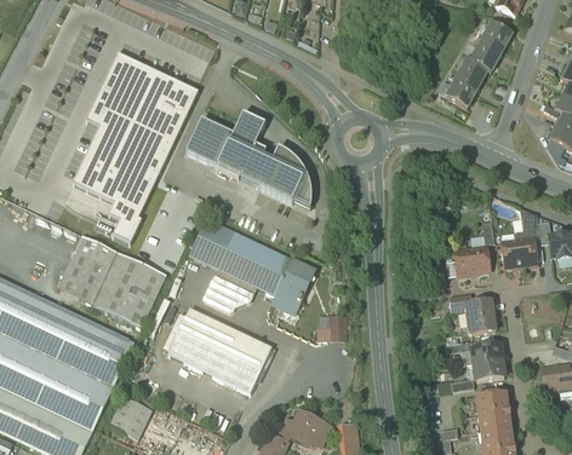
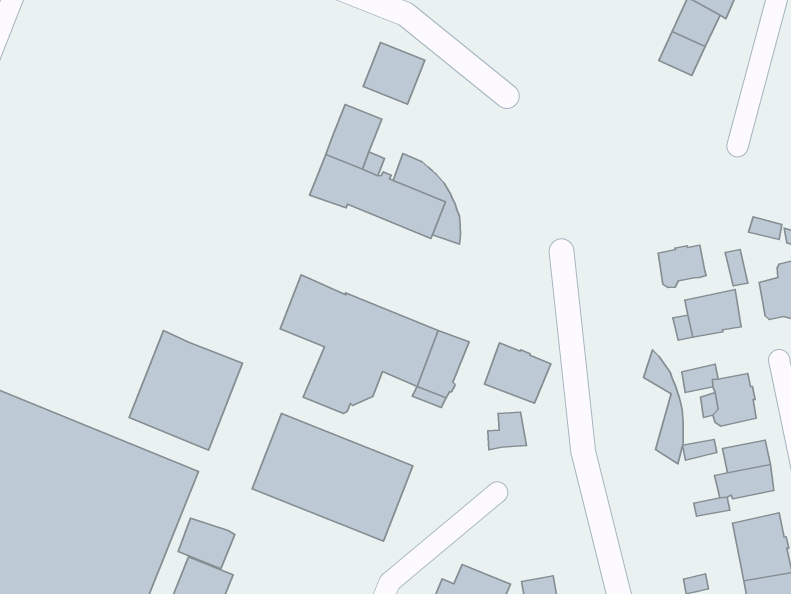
building: [73,52,199,241] -> none
building: none -> [363,43,425,104]
building: [185,117,233,166] -> none
building: none -> [658,245,706,288]
building: [57,234,116,304] -> none
building: none -> [485,343,551,403]
building: none -> [644,350,683,464]
building: none -> [178,518,235,569]

